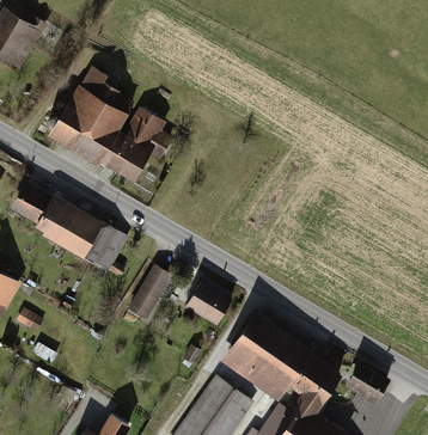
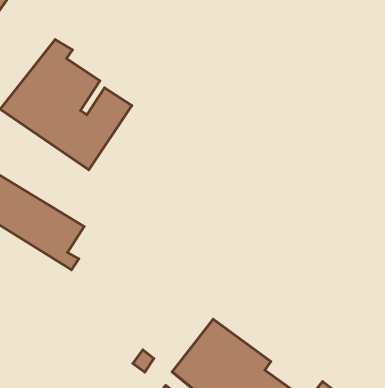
building: [126,262,173,320] -> none
building: [183,278,231,324] -> none

